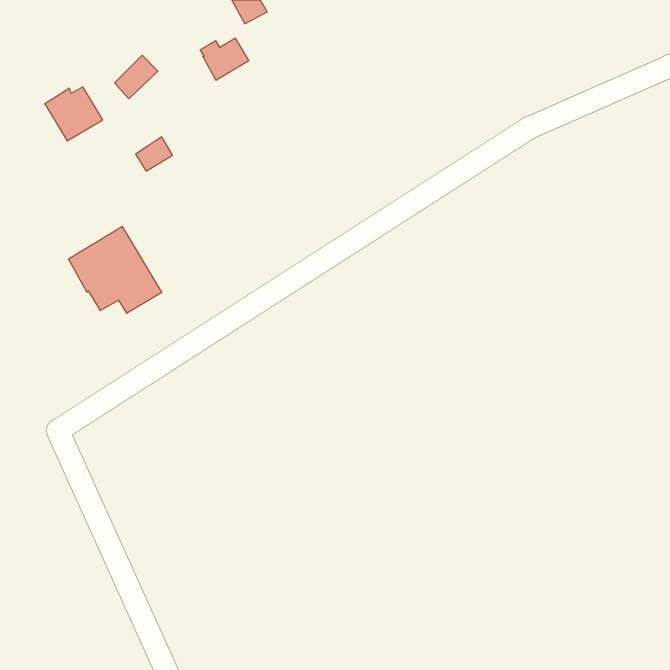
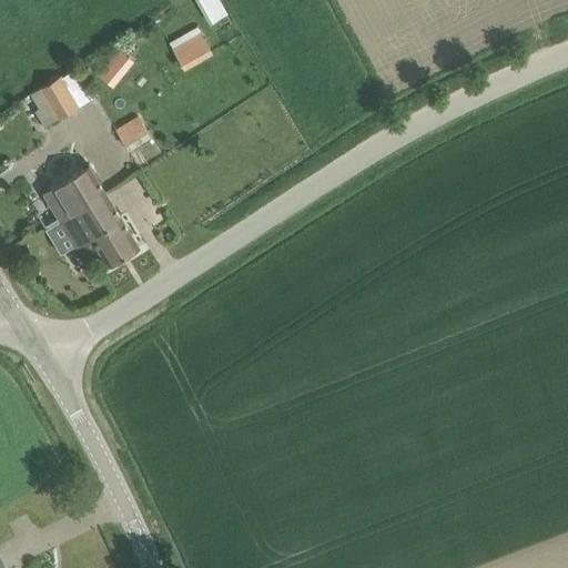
building: none -> [41,166,103,221]

